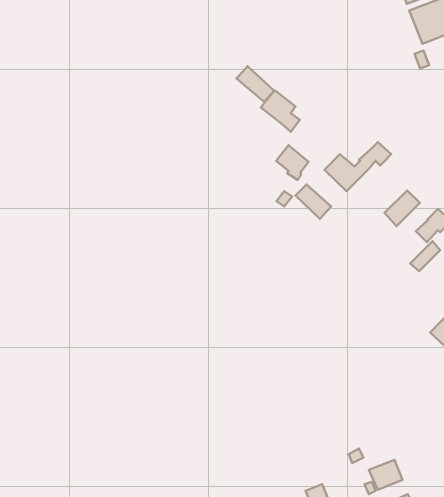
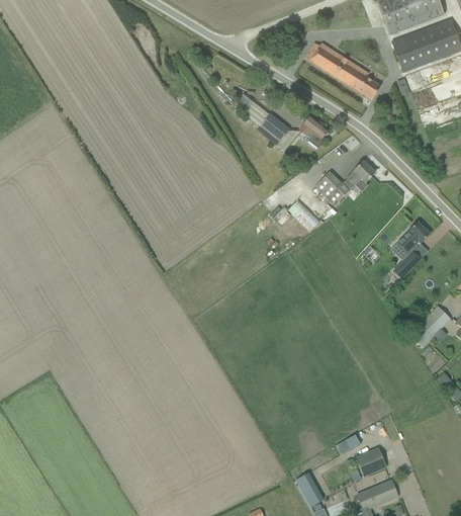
building: none -> [305,41,381,98]
building: [276,145,308,180] -> [299,114,329,146]
building: [385,191,420,226] -> none

